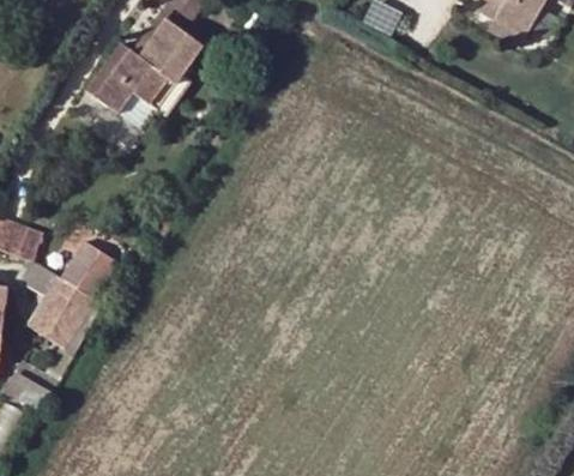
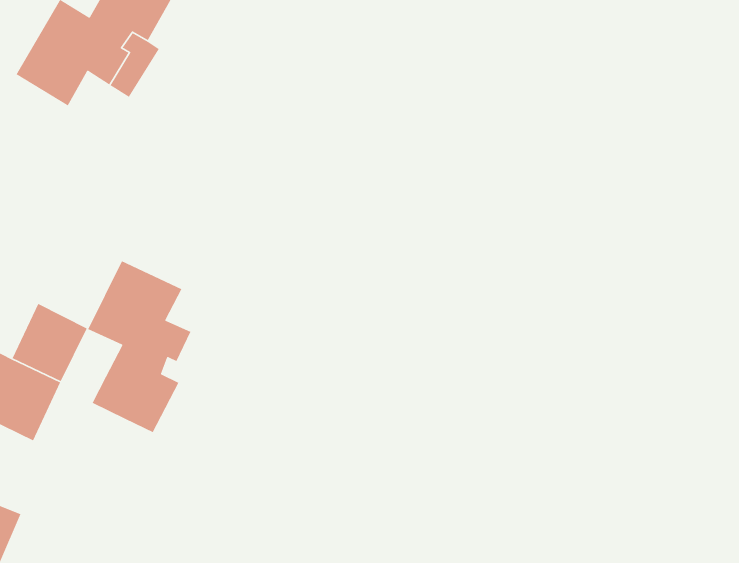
building: none -> [87,260,192,433]

